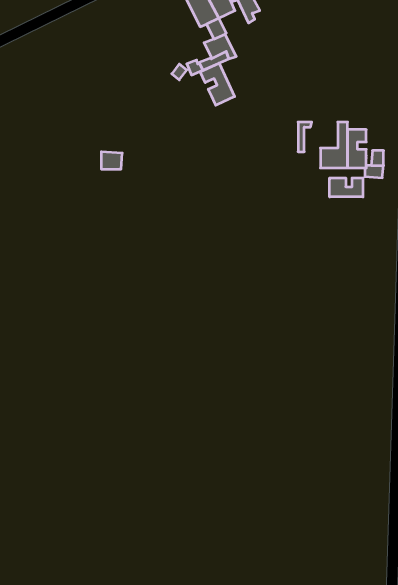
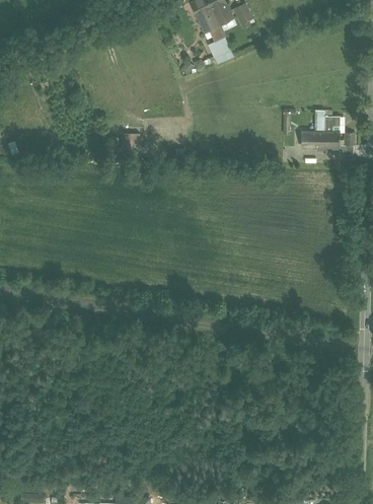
building: [200,63,235,105] -> none
building: [330,178,363,197] -> none

